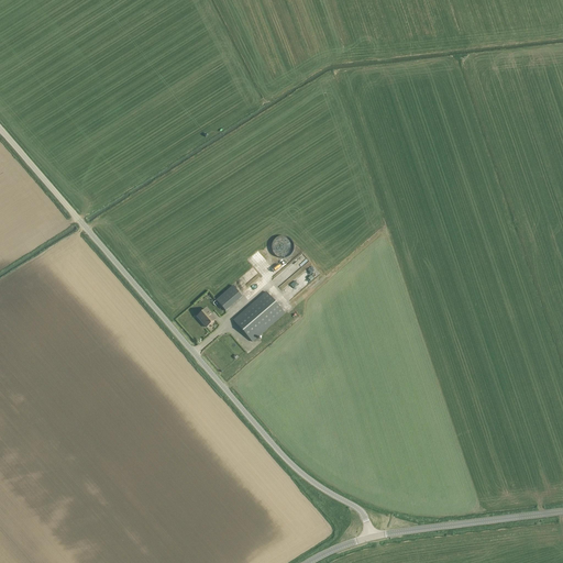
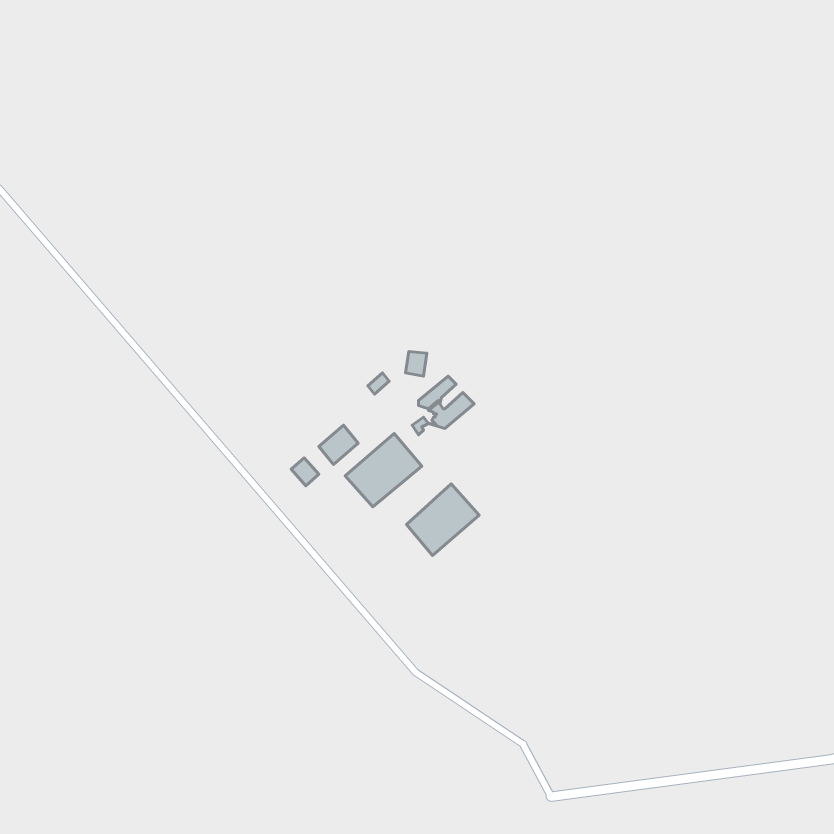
building: none -> [406,484,479,555]

